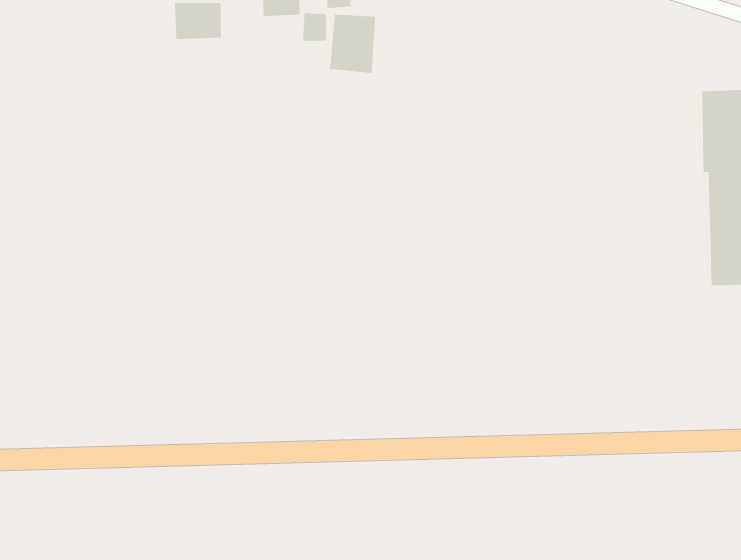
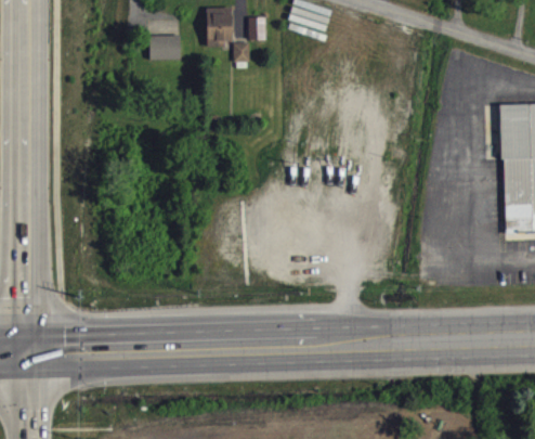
building: [329,14,376,74] -> none

